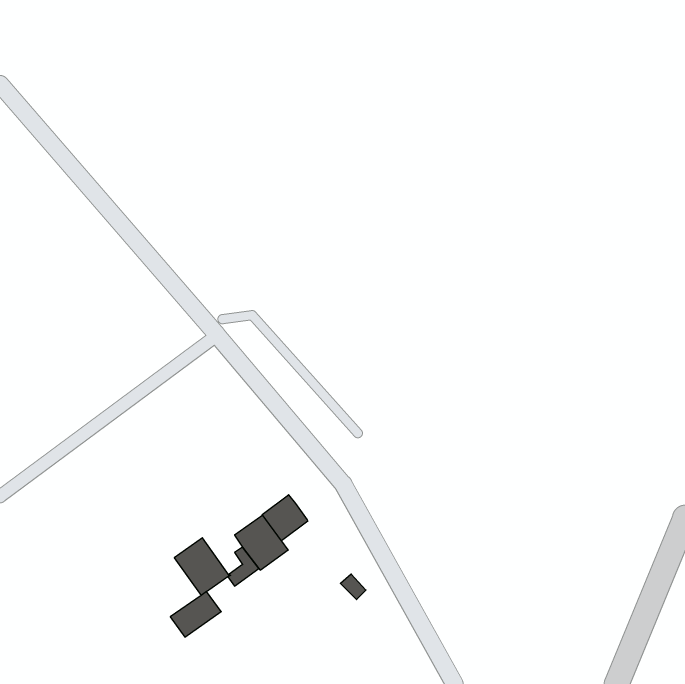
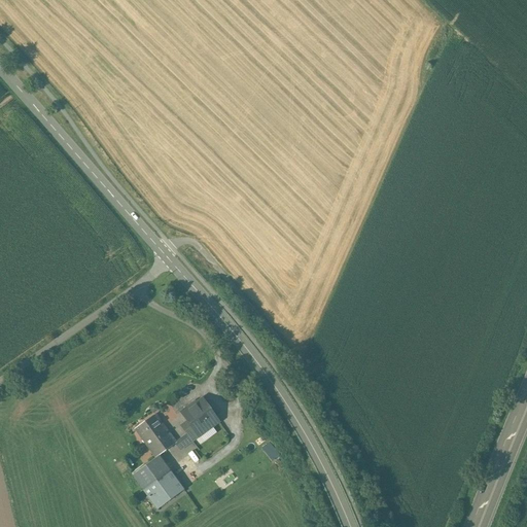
building: [262,495,308,541] -> none
building: none -> [142,469,182,507]

